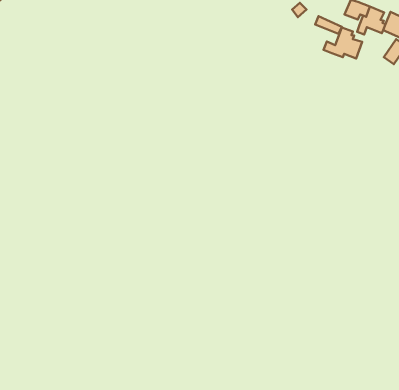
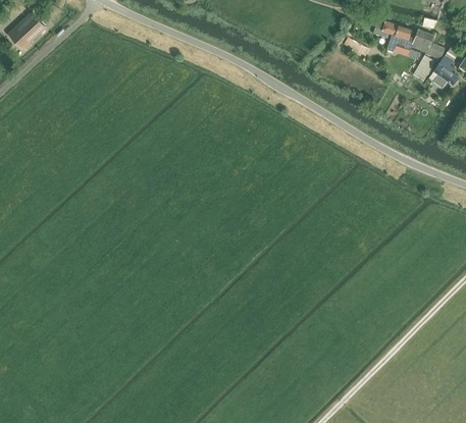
building: [323,27,362,59] -> none

